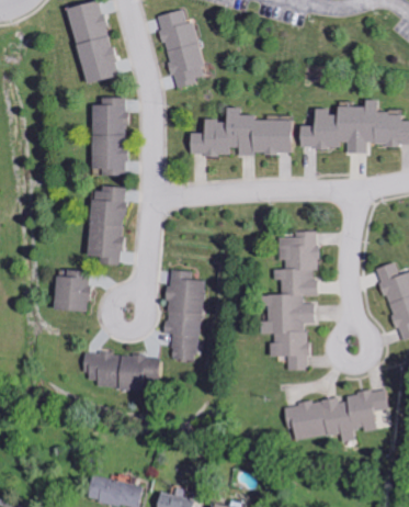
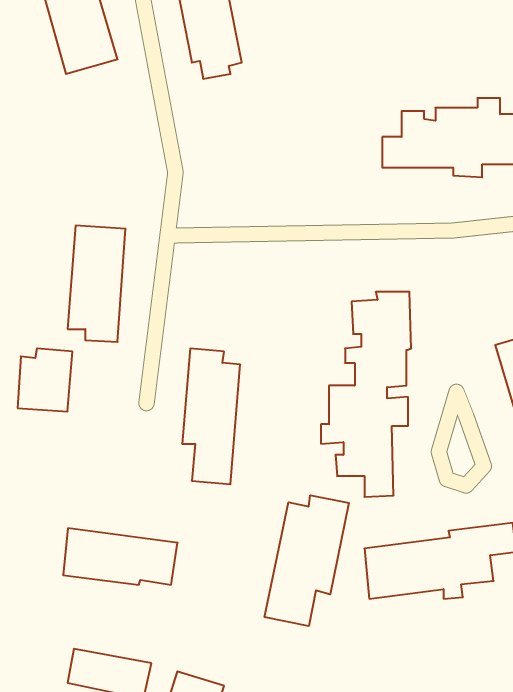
building: [92,98,127,173] -> none
building: [190,108,294,156] -> none
building: [82,349,160,387] -> [63,528,178,585]
building: none -> [265,495,349,626]

